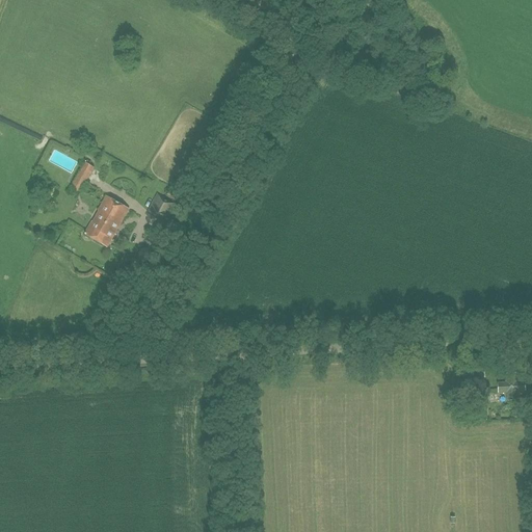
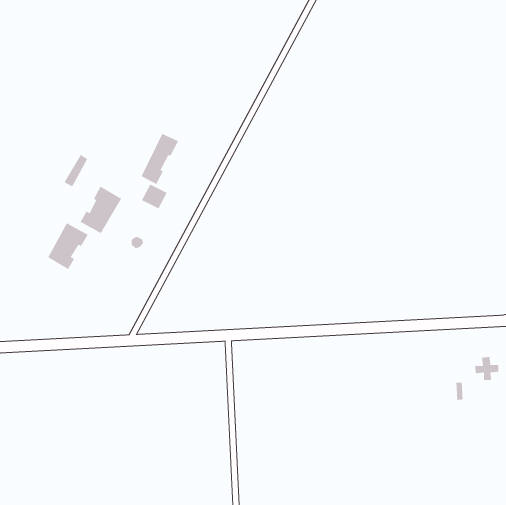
building: none -> [140,133,179,185]
building: none -> [47,222,89,270]

